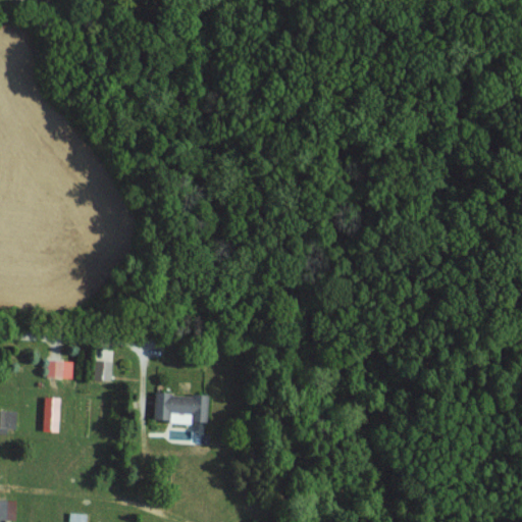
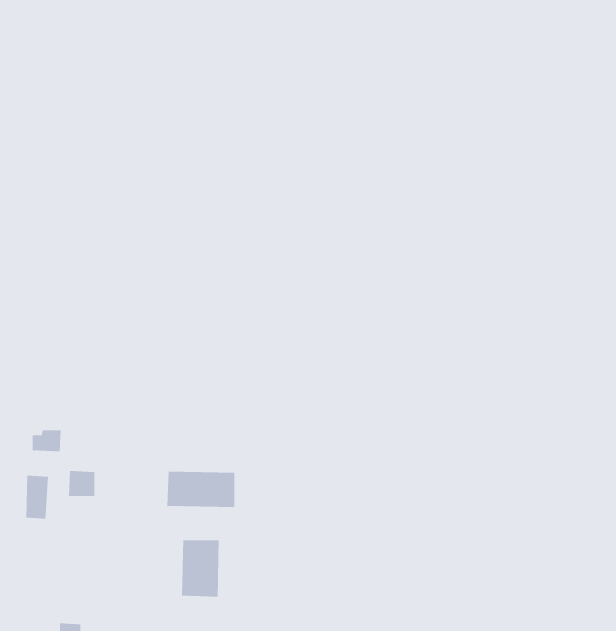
building: [91,360,112,380] -> [68,470,95,496]
building: none -> [182,540,219,597]

